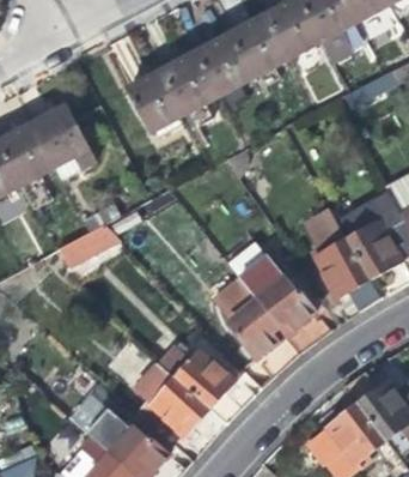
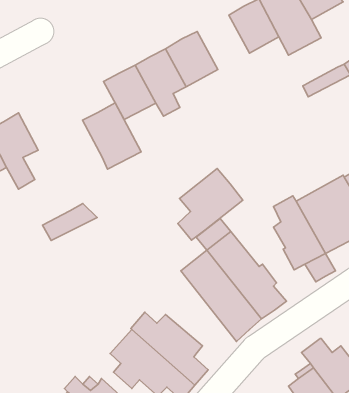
building: [228,17,286,77] -> none
building: [32,105,97,179] -> [82,103,141,169]
building: none -> [178,169,243,240]

